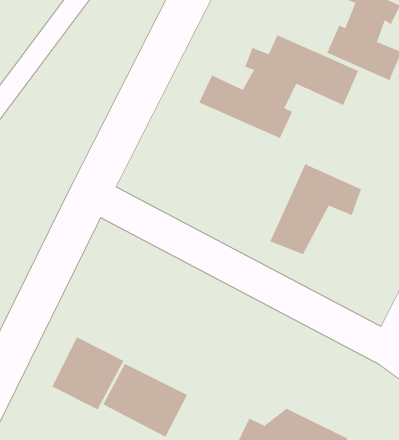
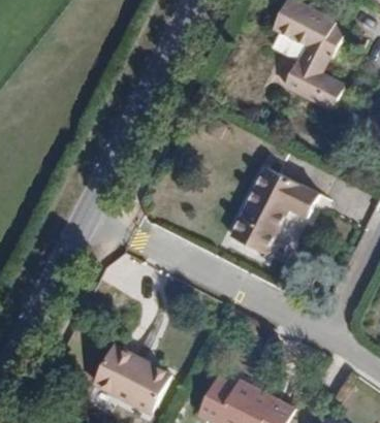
building: [199,34,359,139] -> none
building: [51,336,124,410] -> none

